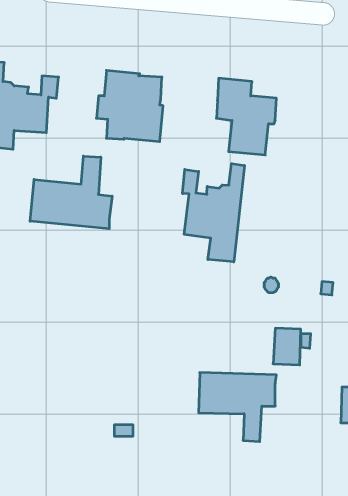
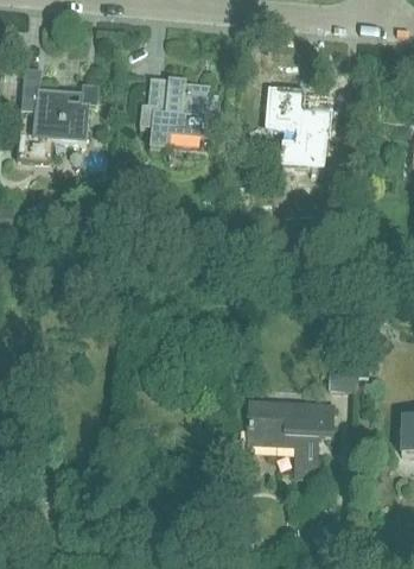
building: [30,156,112,229] -> none
building: [183,164,244,262] -> none

